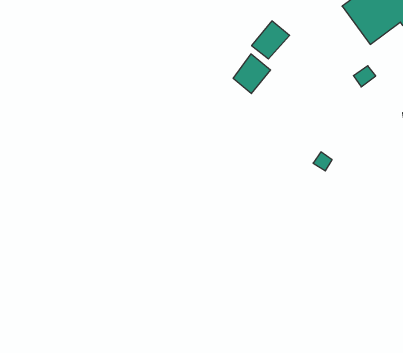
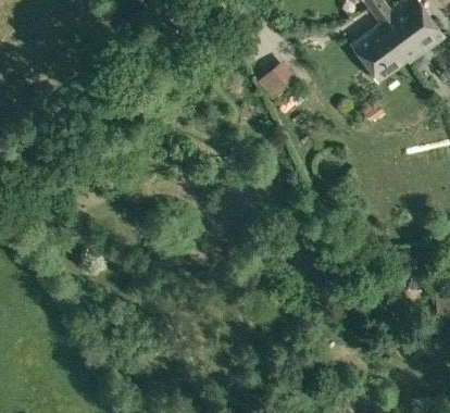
building: [233,54,271,94] -> none

